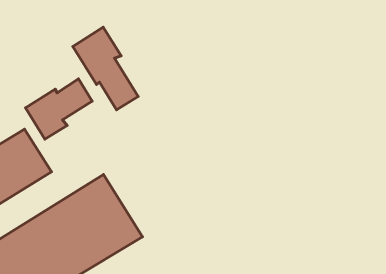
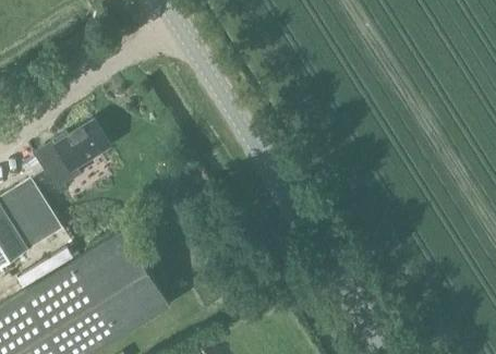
building: [73,27,138,110] -> none

